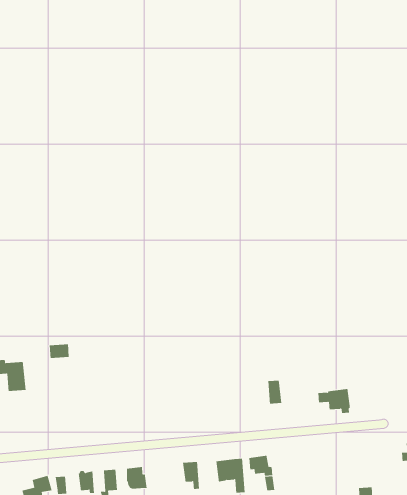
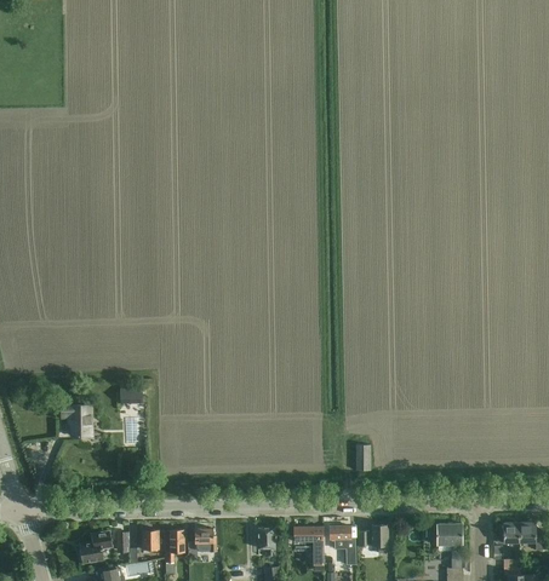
building: [318,389,351,413] -> [427,523,462,550]
building: none -> [358,525,388,552]

